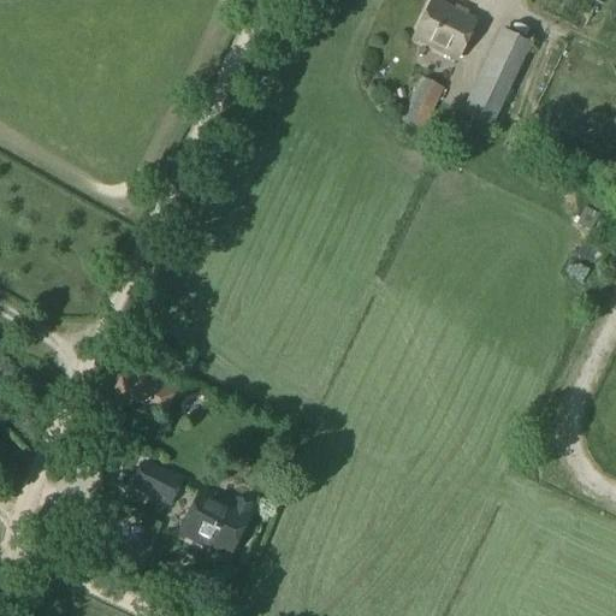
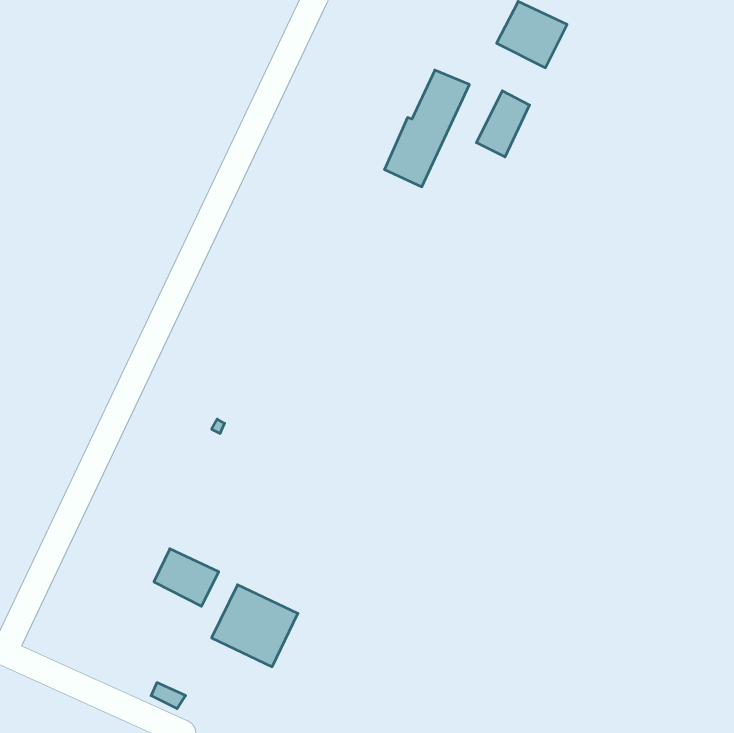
building: [461,30,532,128] -> [384,70,469,187]
building: [117,361,174,408] -> none

